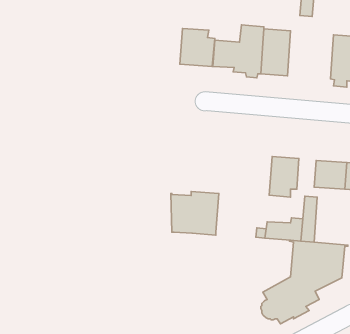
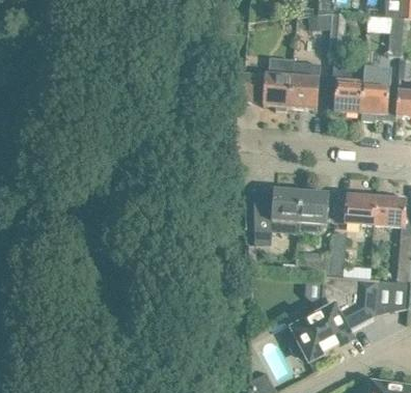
building: [180,28,215,67] -> none
building: none -> [331,64,363,111]
building: [171,191,219,235] -> [252,188,301,232]

